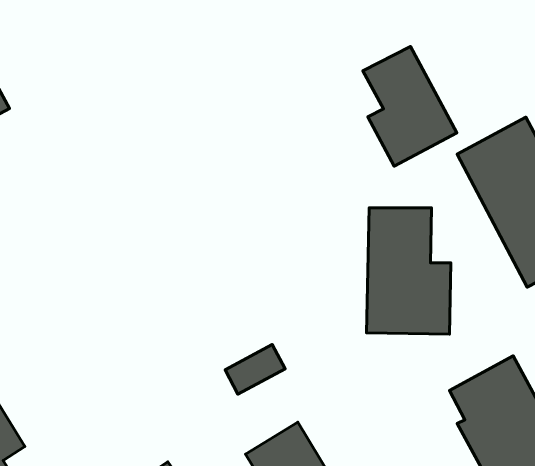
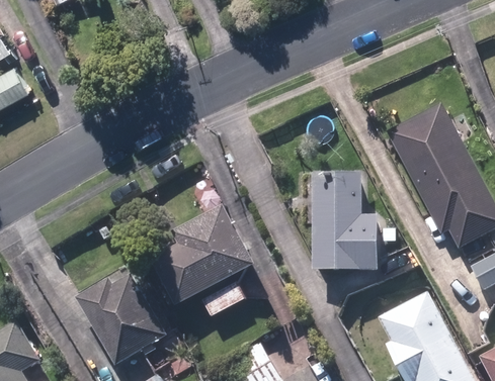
building: [363,46,457,166] -> none
building: none -> [149,202,255,307]
building: none -> [74,266,169,367]

